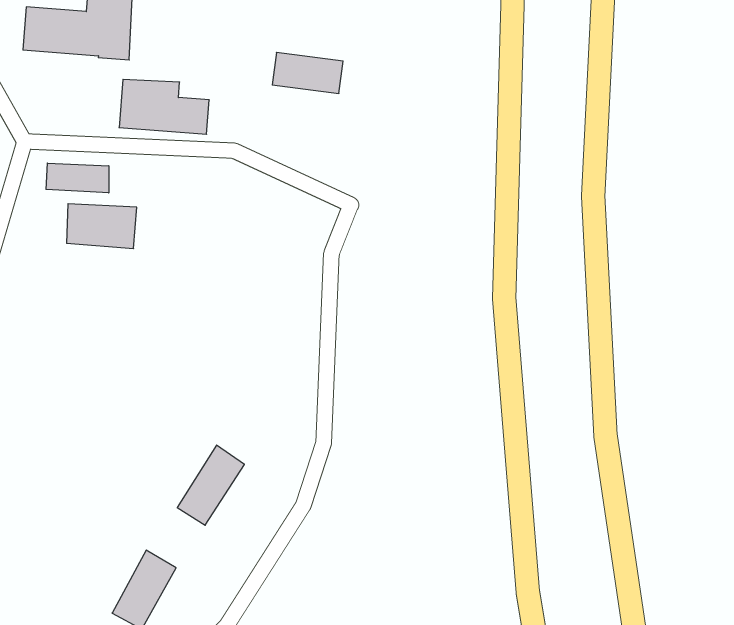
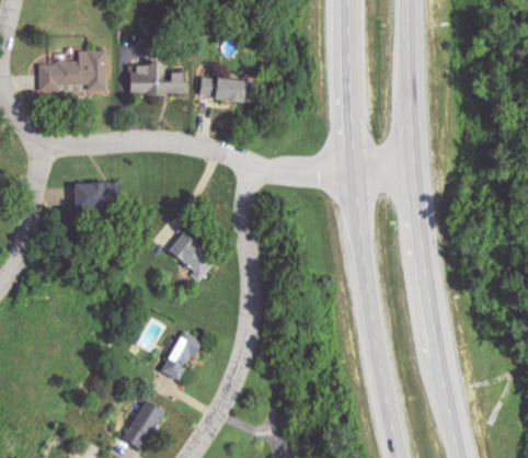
building: [119,79,209,134] -> [128,62,184,94]
building: [46,163,109,193] -> none
building: none -> [168,233,216,278]

